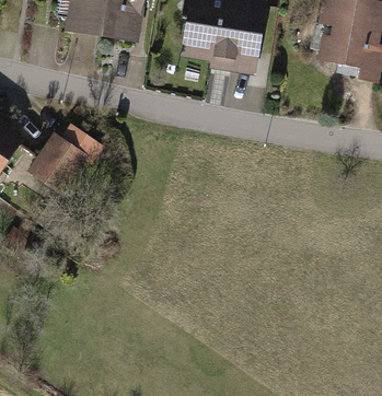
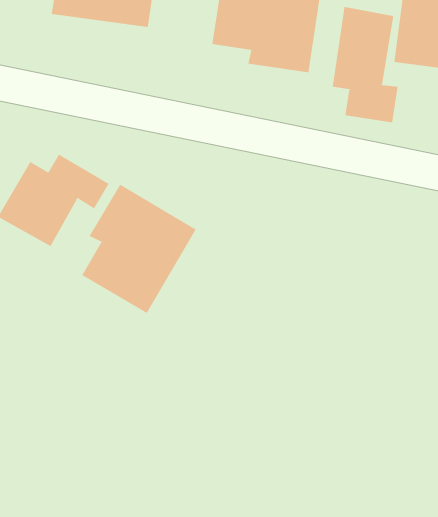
building: none -> [332,6,398,123]
building: none -> [81,184,197,314]

